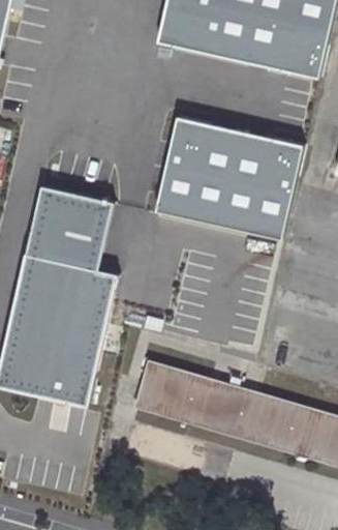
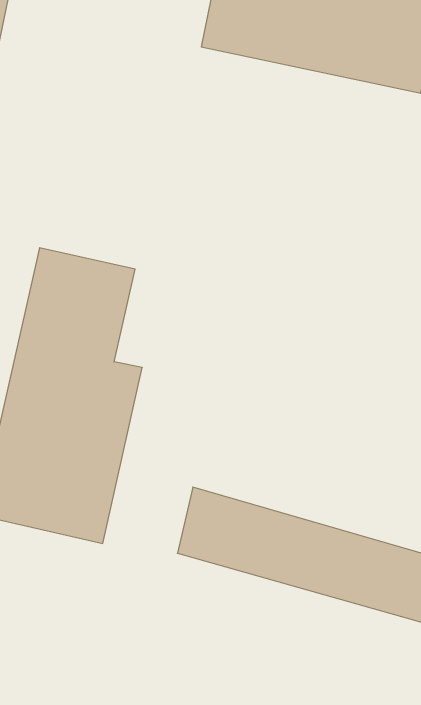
building: [151,116,303,239] -> none

